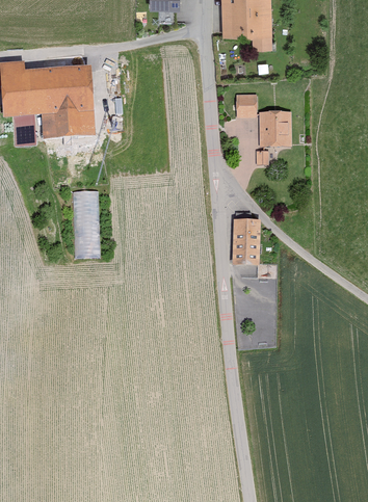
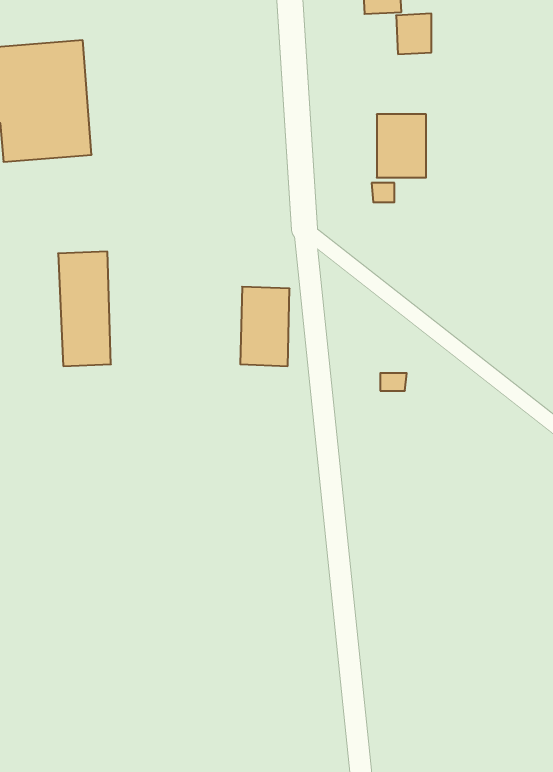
building: [234,91,255,115] -> [396,14,431,54]
building: [232,220,261,267] -> [240,287,290,366]

